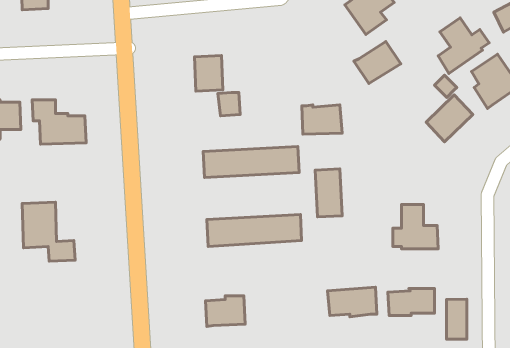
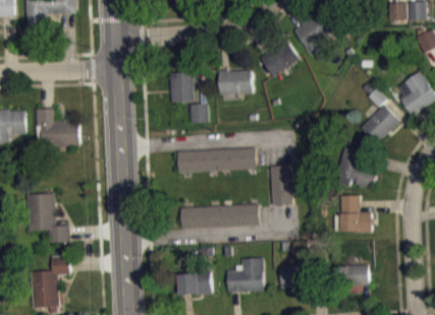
building: [438,18,489,73] -> none
building: [354,42,401,83] -> [260,41,298,75]
building: [302,105,342,134] -> [218,69,252,93]
building: none -> [336,146,376,189]
building: none -> [30,255,70,308]
building: none -> [227,257,264,292]
building: [446,299,467,339] -> none

